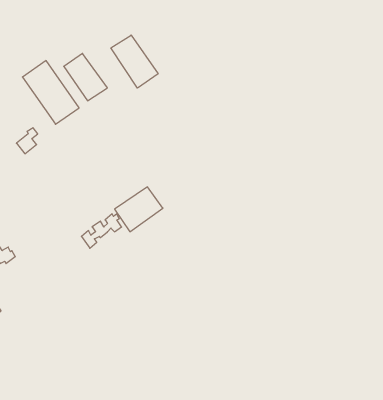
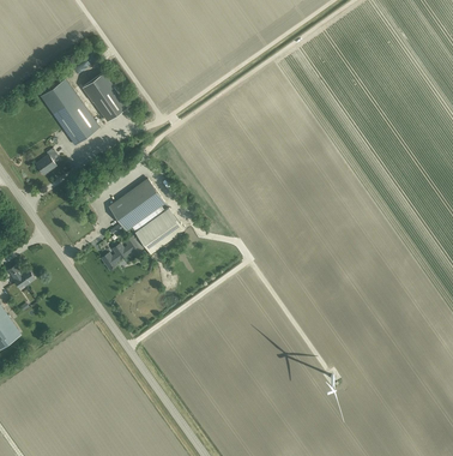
building: [111,35,158,88] -> none
building: none -> [109,178,164,229]

